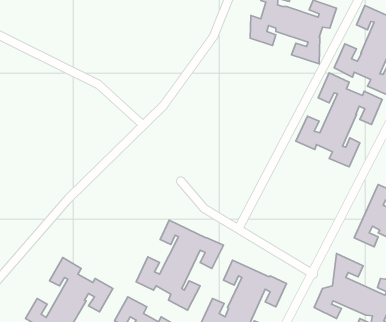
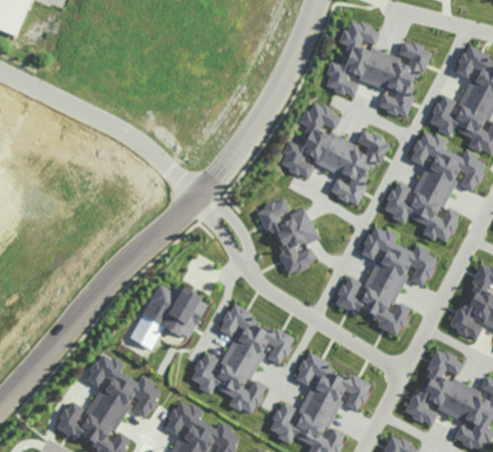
building: none -> [279,102,387,205]
building: none -> [257,198,318,275]
building: none -> [335,229,436,337]
building: none -> [130,285,207,350]

